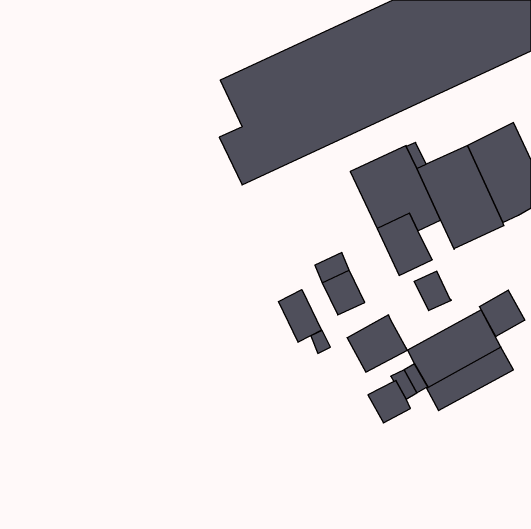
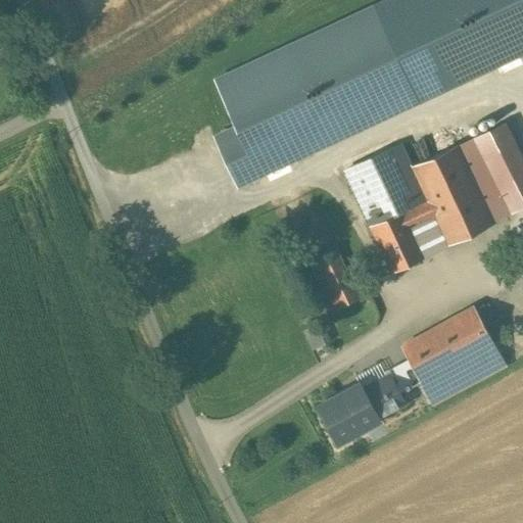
building: [414,271,451,311] -> [411,219,447,257]
building: [279,290,321,342] -> none
building: [479,290,525,337] -> none
building: [347,315,407,372] -> [319,385,378,441]

